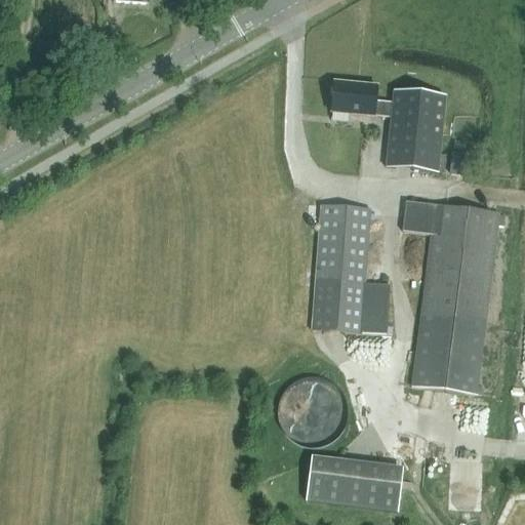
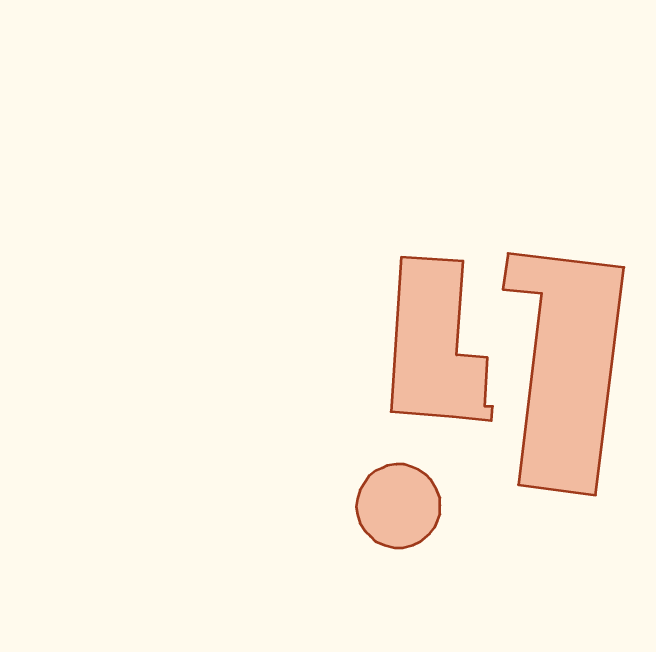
building: [330,80,444,171] -> none
building: [308,453,405,509] -> none

